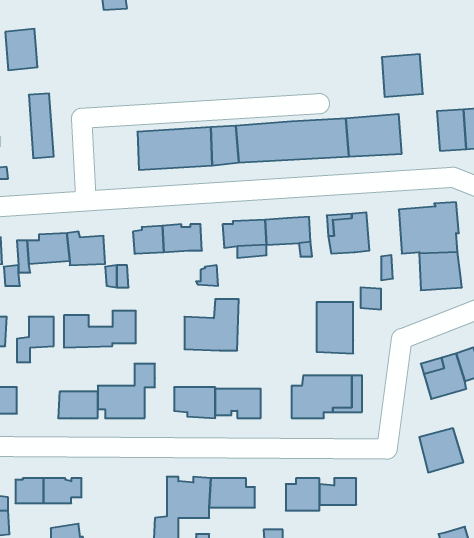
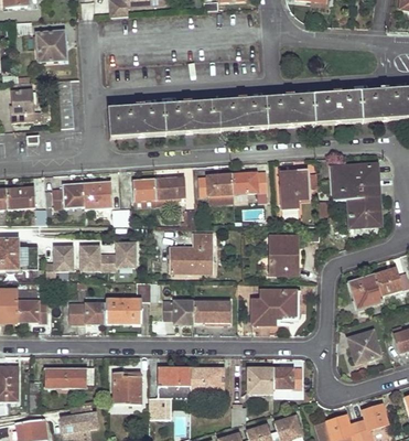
building: [382,54,423,97] -> [332,93,363,125]
building: none -> [108,108,137,138]
building: none -> [112,372,140,404]

